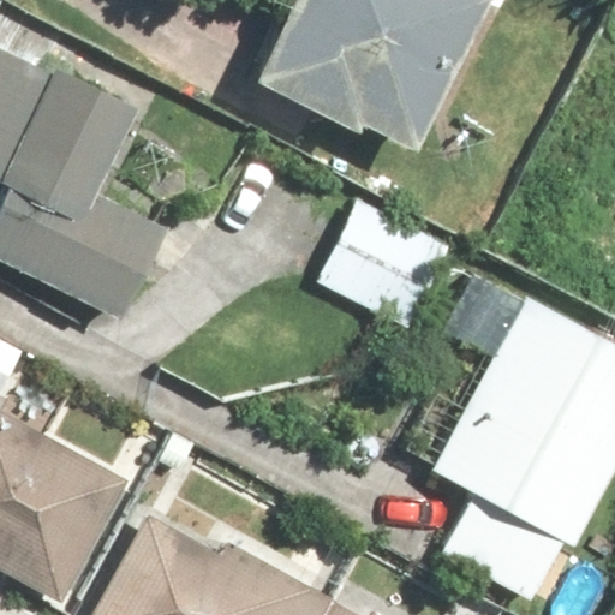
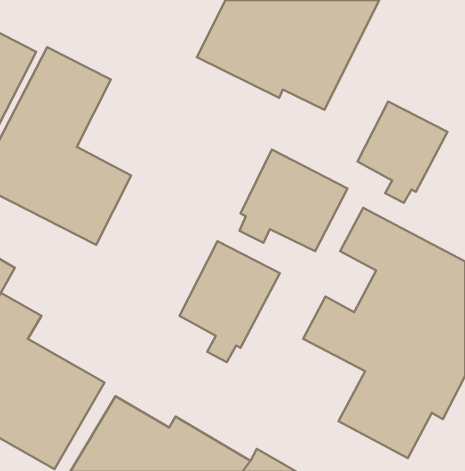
building: none -> [357,101,448,203]
building: none -> [179,241,280,362]

